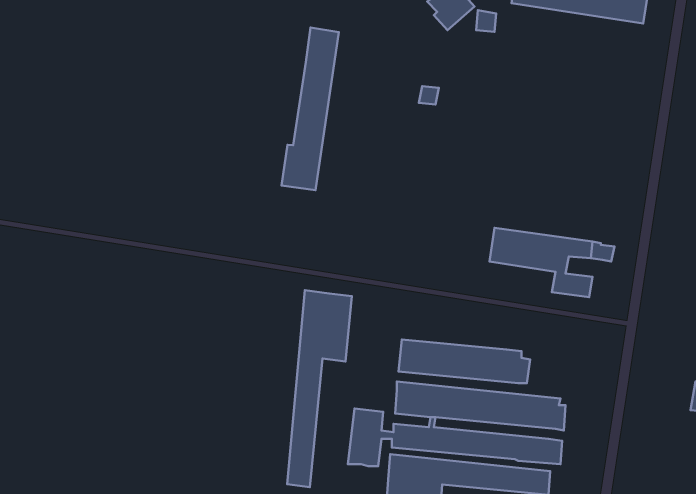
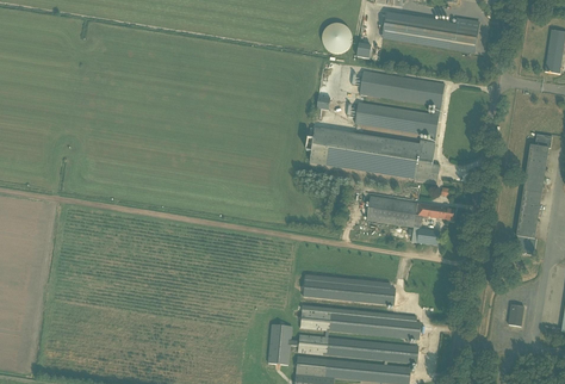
building: [282,27,339,190] -> none
building: none -> [305,70,443,184]
building: [287,290,352,487] -> none

